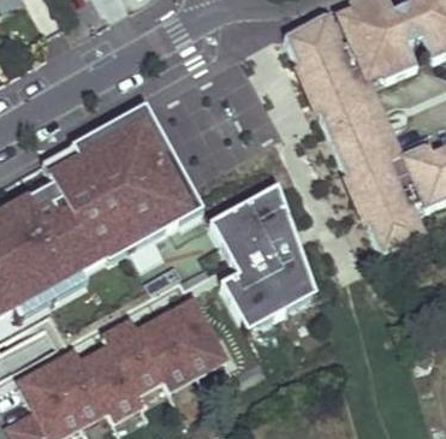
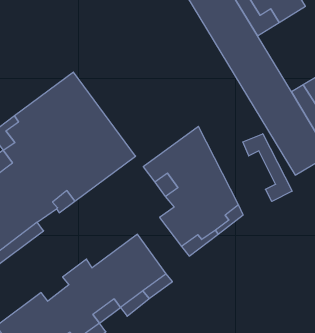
building: none -> [243,134,292,201]

